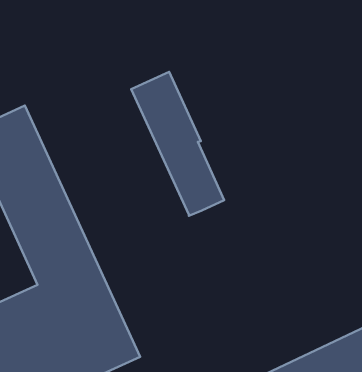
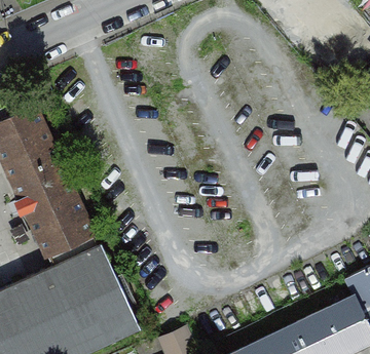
building: [131,72,224,216] -> none

